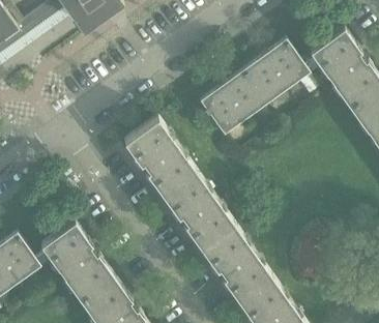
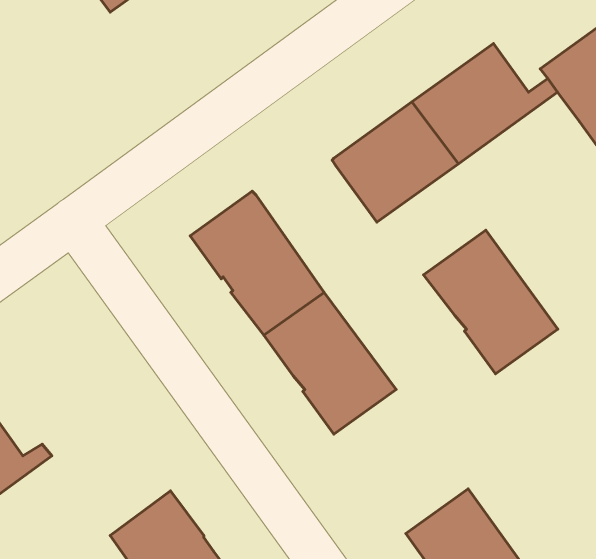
building: [41,225,114,303] -> none
building: [201,226,272,302] -> [424,230,558,374]

